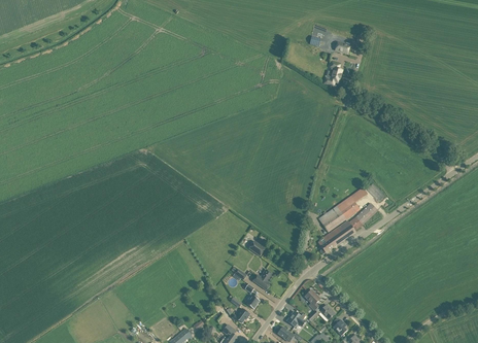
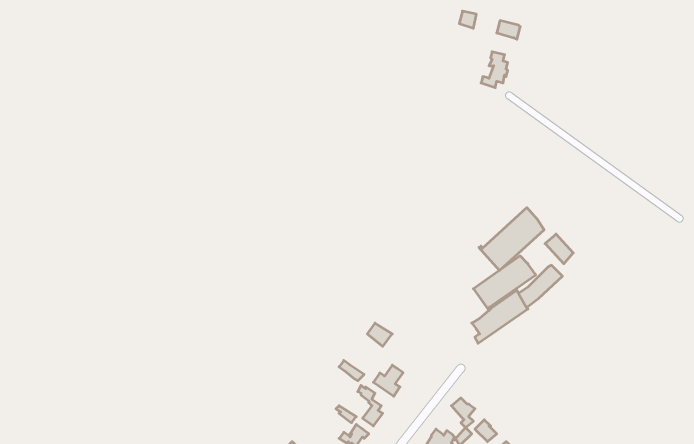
building: none -> [479,208,544,270]

